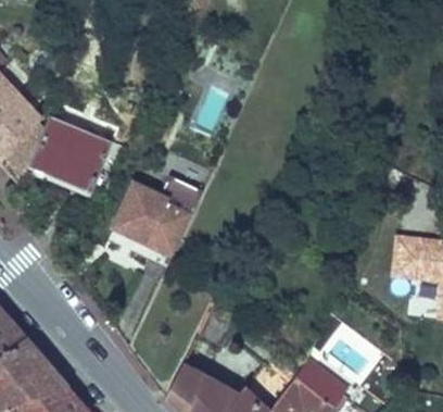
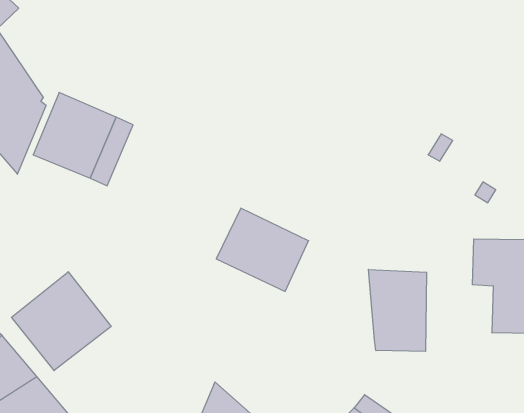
building: [113,185,190,254] -> [216,208,309,291]
building: none -> [368,269,427,351]
building: none -> [12,272,111,371]

